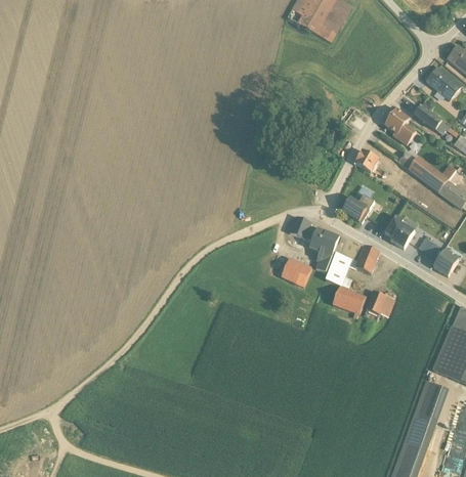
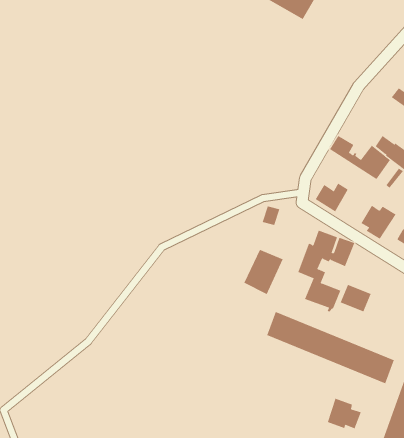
building: [384,105,415,144] -> none
building: [308,227,339,271] -> none
building: none -> [267,311,394,384]
building: none -> [327,398,362,429]

